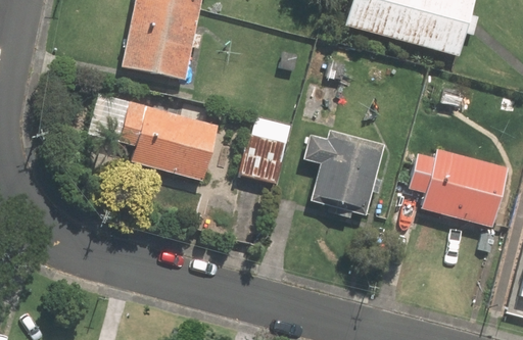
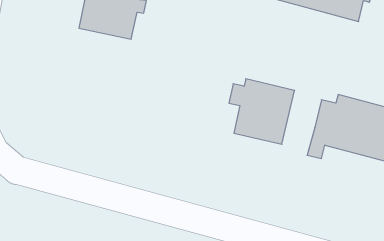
building: [88,95,220,185] -> none
building: [237,115,291,184] -> none

